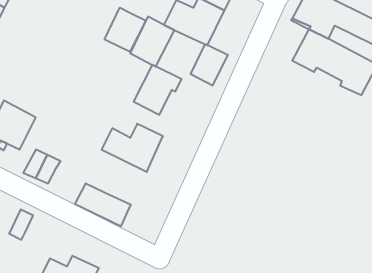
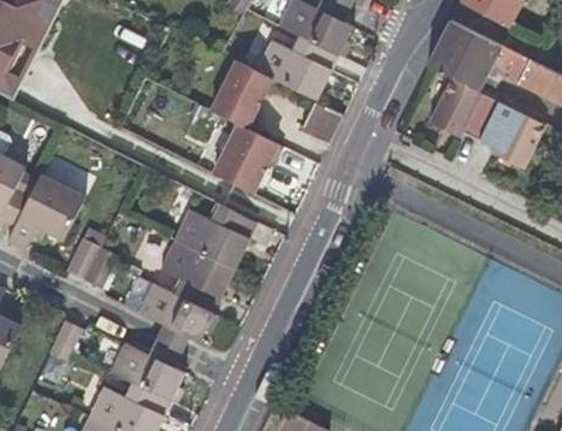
building: [105,8,146,52] -> none
building: none -> [158,241,233,315]
building: none -> [108,343,182,401]

